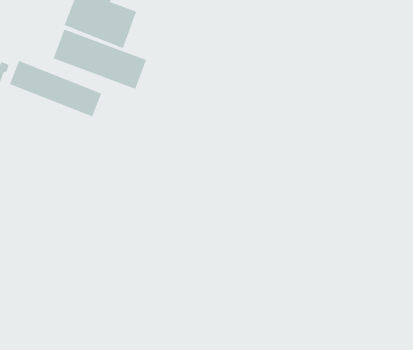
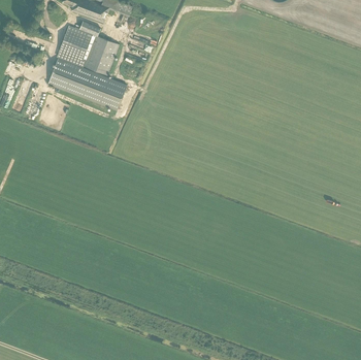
building: [9,60,102,117] -> none

